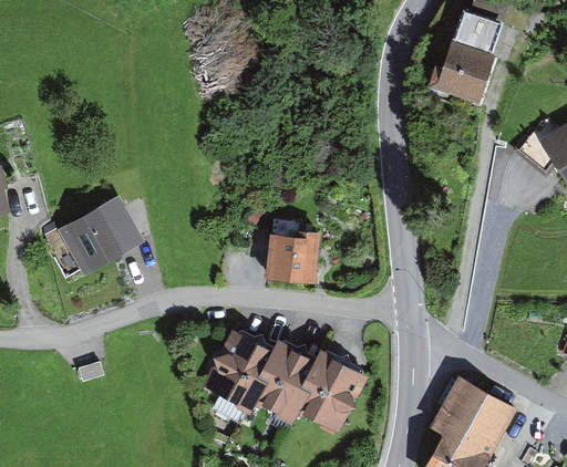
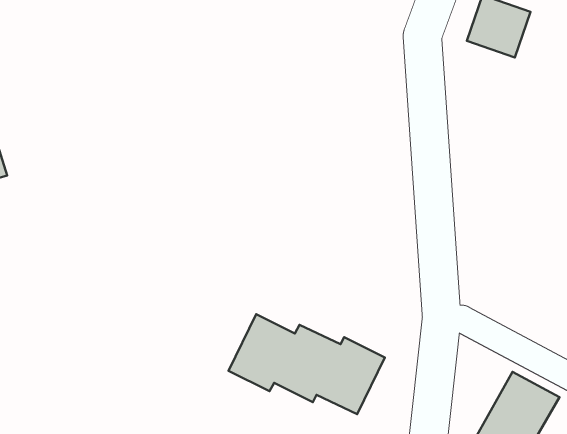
building: [68,198,141,264] -> none
building: [264,234,316,283] -> none

